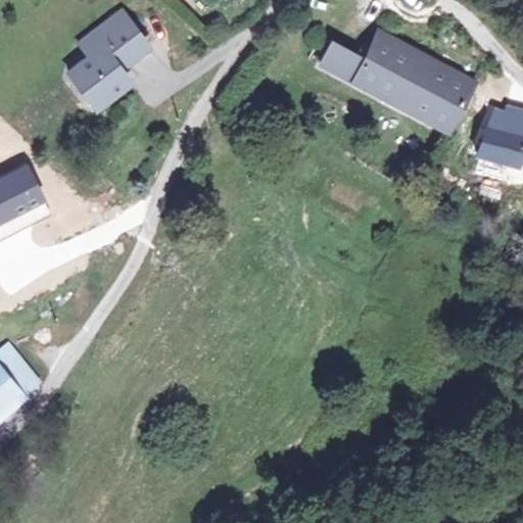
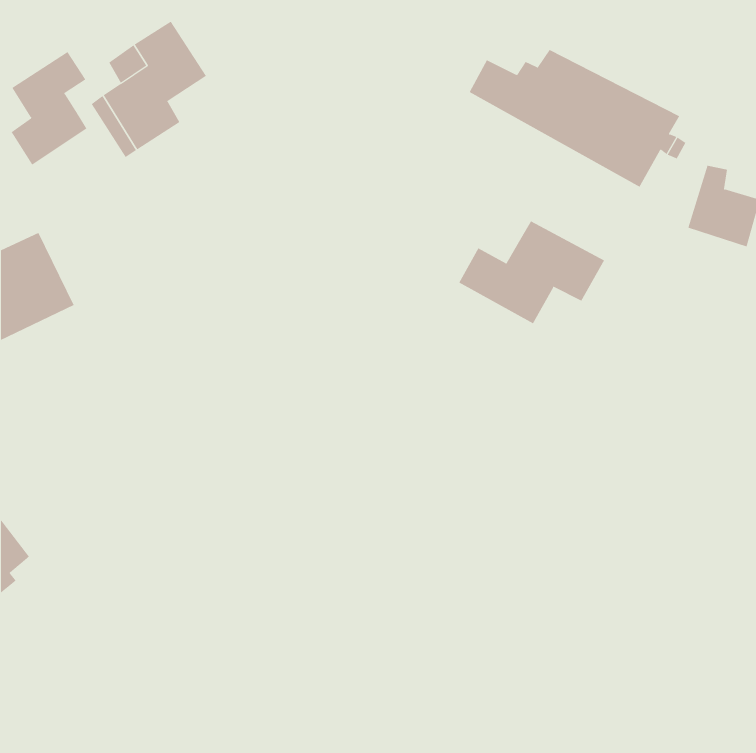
building: none -> [11,51,87,165]
building: none -> [459,220,605,324]

